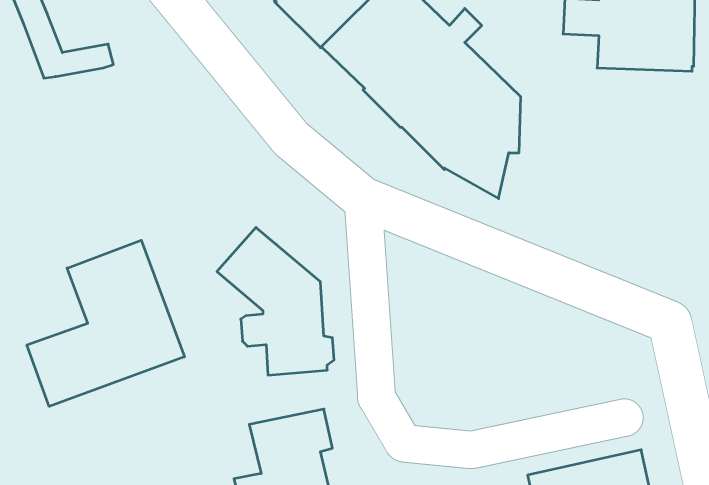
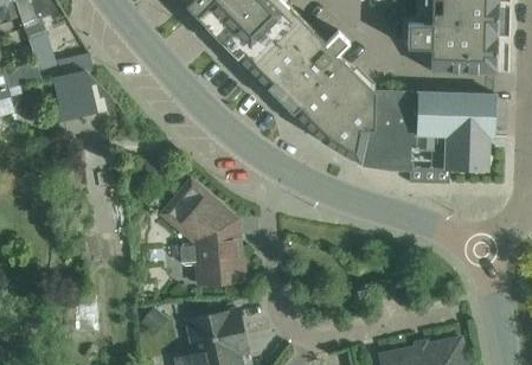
building: none -> [51,71,114,121]
building: none -> [360,90,494,184]
building: [27,240,184,406] -> none

